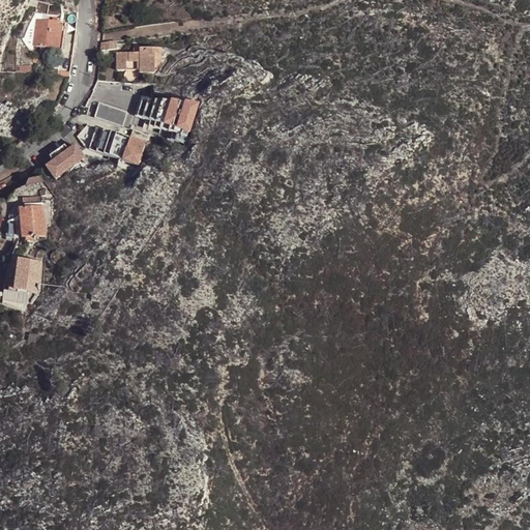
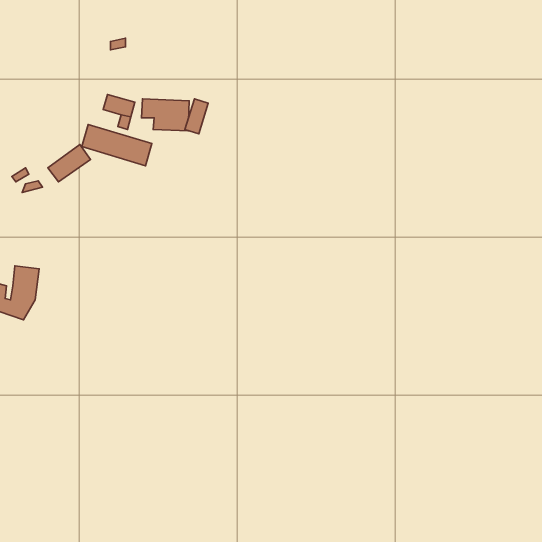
building: [21,18,62,49] -> none
building: [114,48,158,72] -> none
building: [7,206,42,237] -> none

